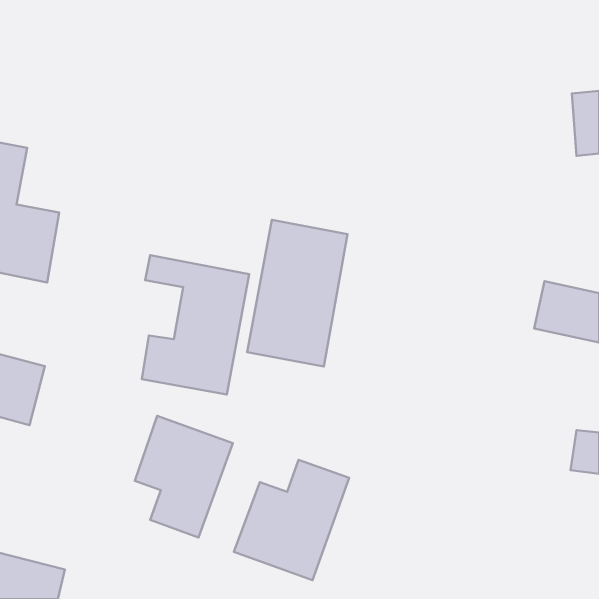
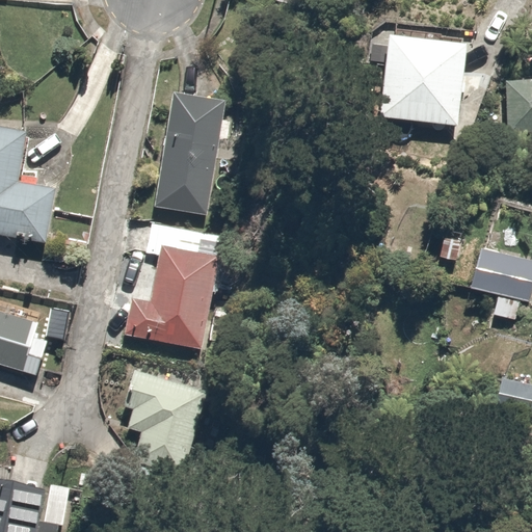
building: none -> [381,36,467,124]
building: [247,220,347,366] -> [154,90,242,219]
building: [234,460,349,580] -> none

